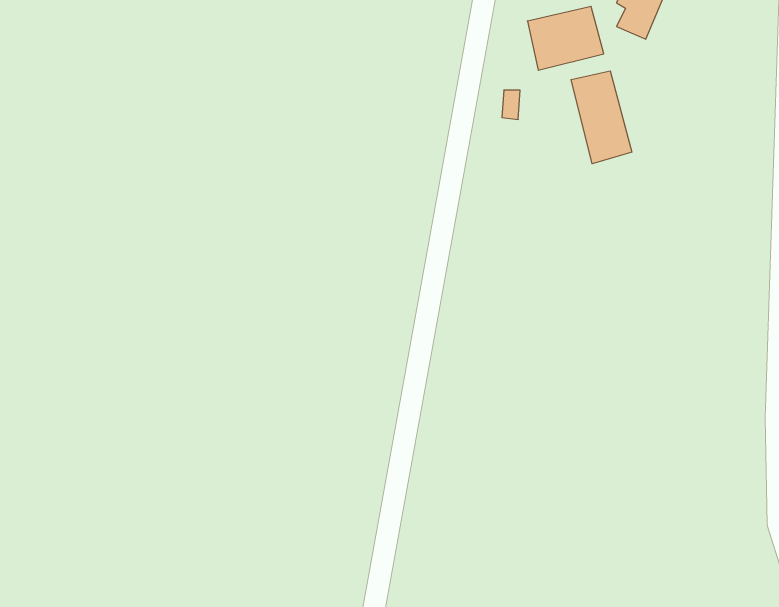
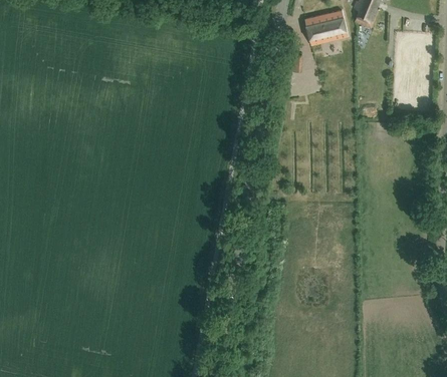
building: [571,71,632,164] -> none

